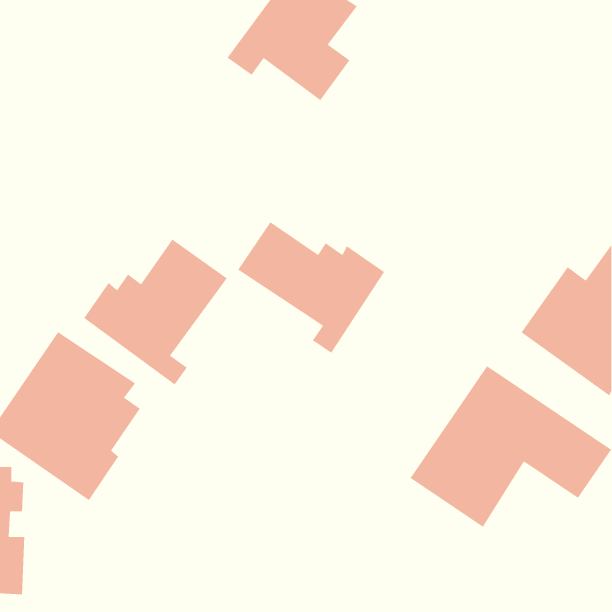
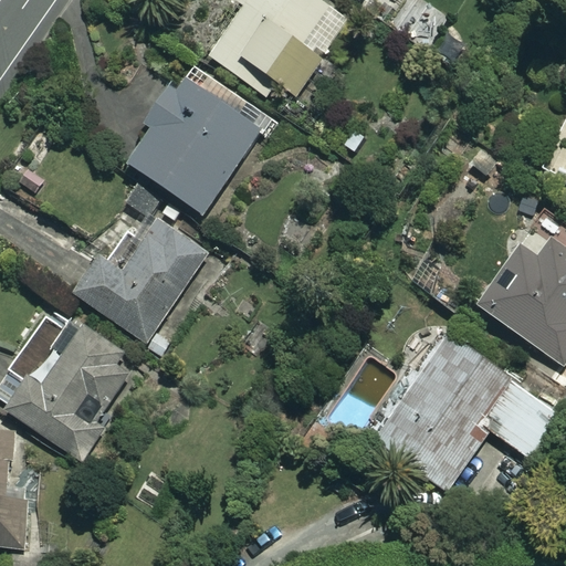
building: none -> [128,73,260,211]
building: [237,221,385,354] -> none

